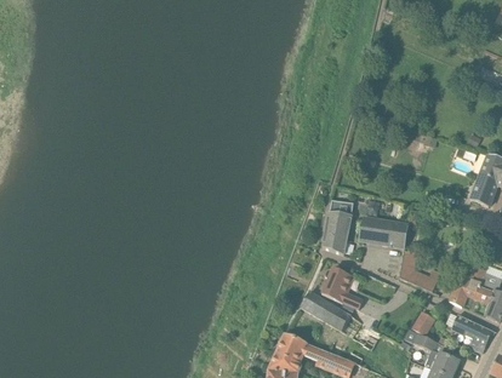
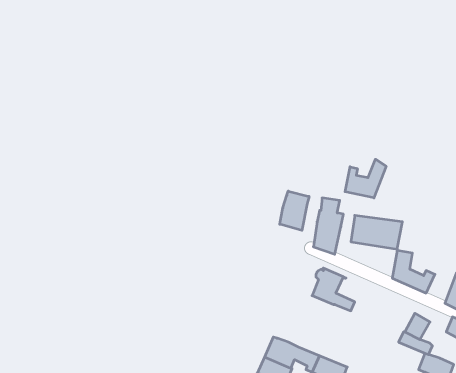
building: none -> [345,159,386,198]
building: none -> [280,191,309,230]
building: [300,291,350,330] -> none

